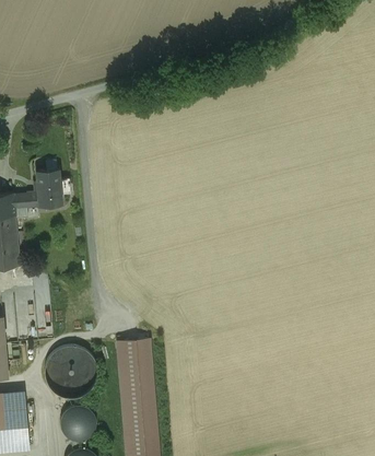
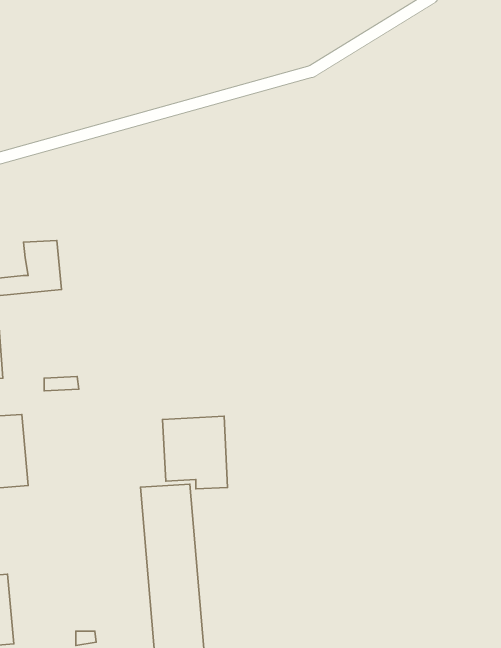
building: [49,344,94,395] -> [163,416,227,489]
building: [58,400,96,439] -> none

